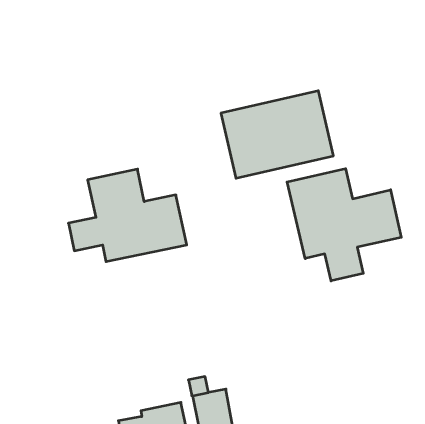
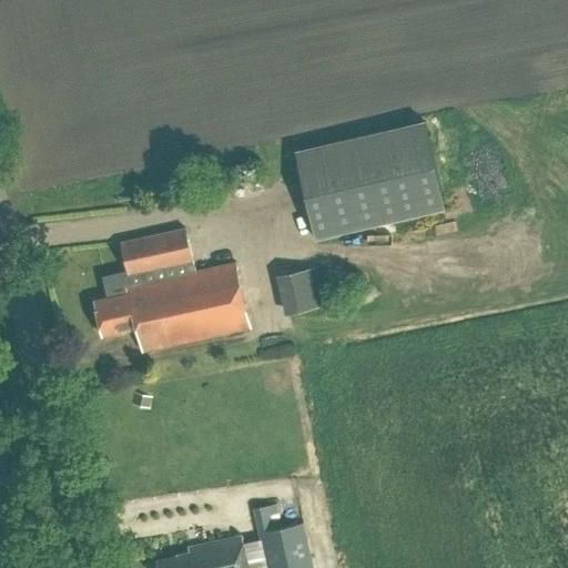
building: [287,169,401,281] -> none
building: none -> [280,267,326,315]

